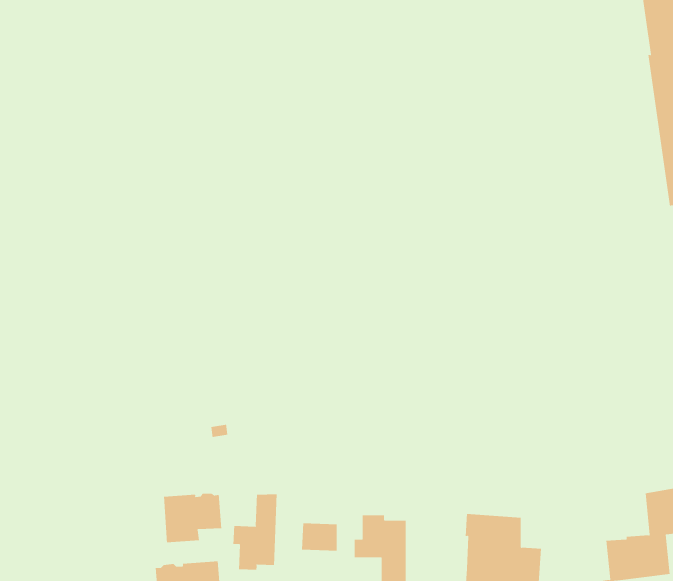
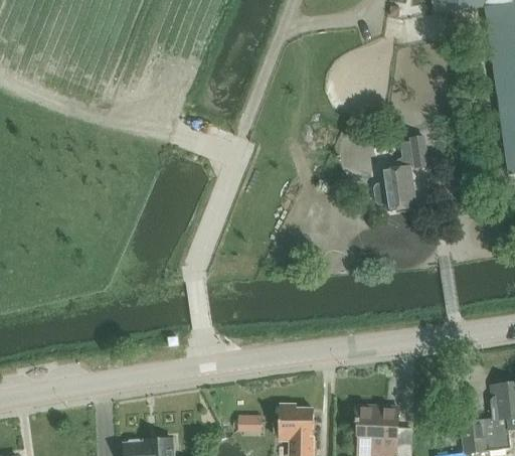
building: none -> [374,138,430,209]
building: [164,493,222,543] -> none
building: [233,493,277,571] -> none

